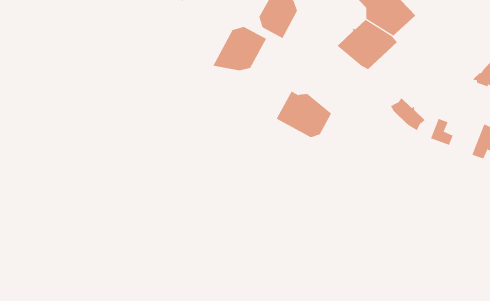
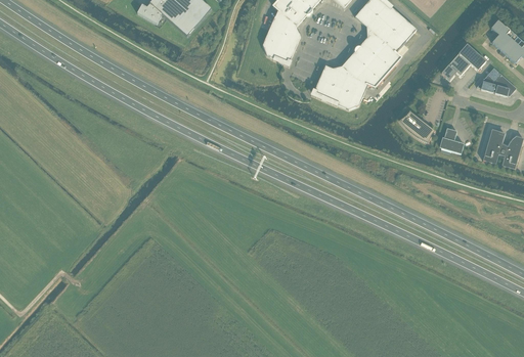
building: [213,26,267,71] -> none
building: none -> [441,42,486,78]
building: [276,91,332,138] -> [313,63,367,107]

